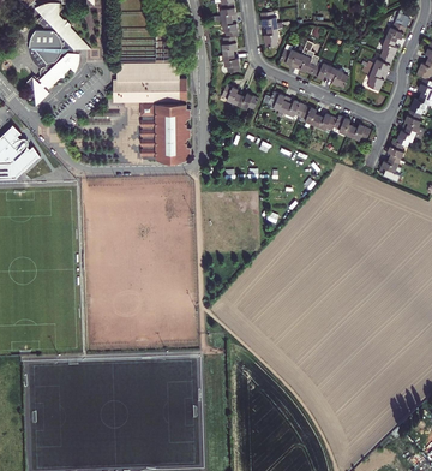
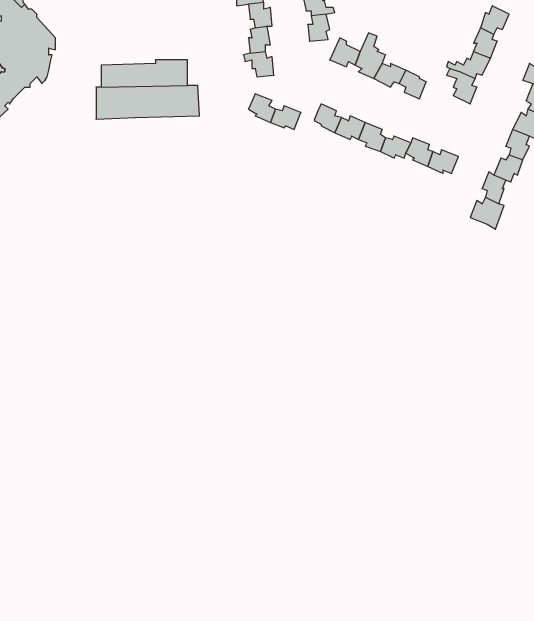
building: [139,100,191,161] -> none

